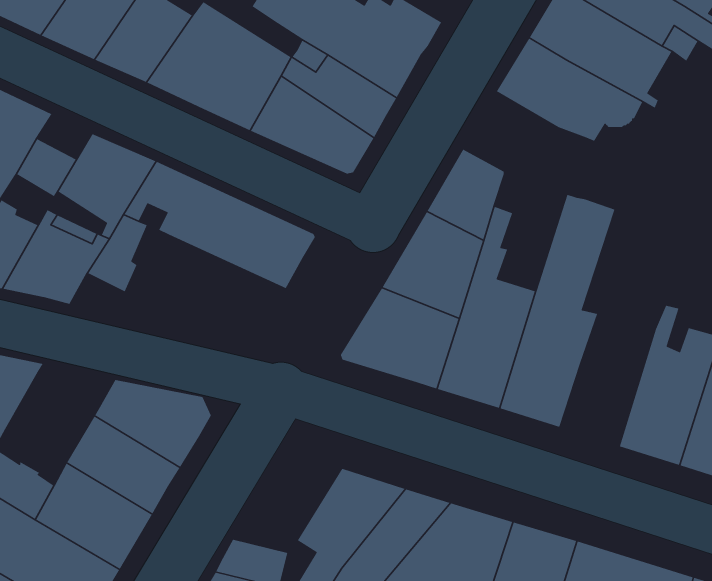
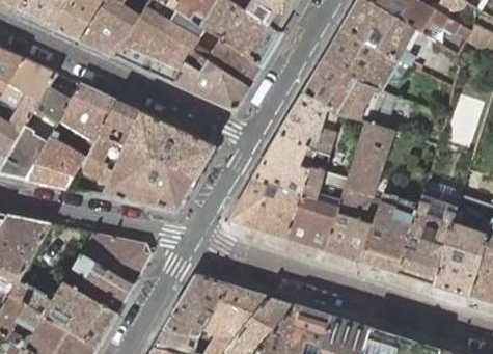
building: none -> [301,60,386,125]
building: none -> [101,146,195,211]
building: none -> [359,193,416,273]
building: none -> [163,275,228,336]

